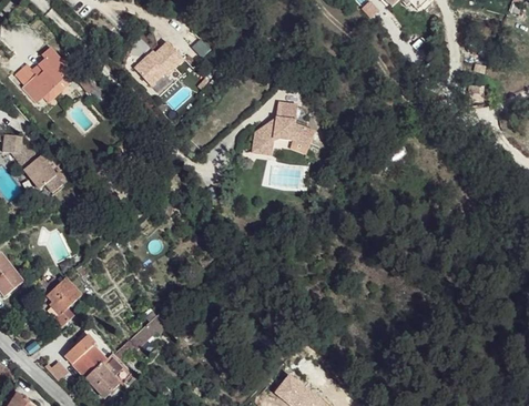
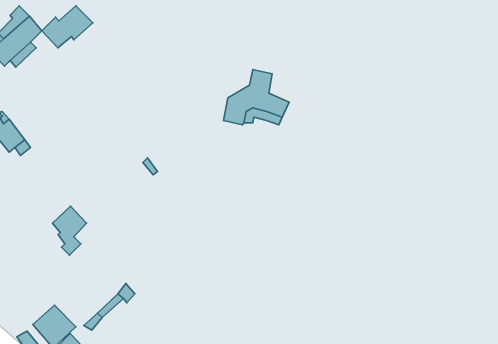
building: [134,42,184,83] -> [42,6,93,48]
building: [45,278,79,326] -> [52,206,86,255]

